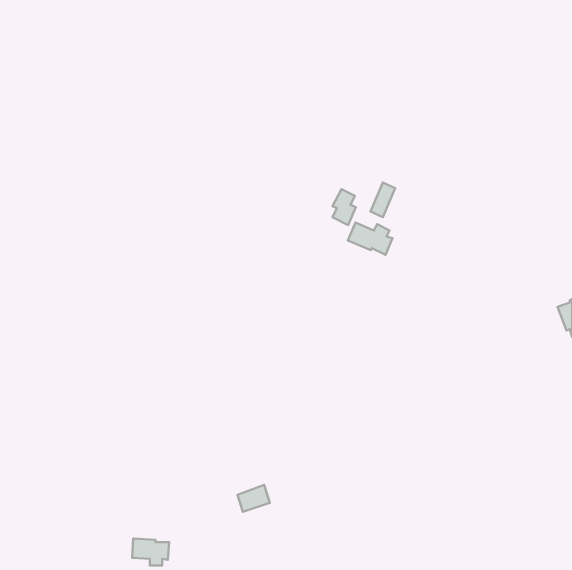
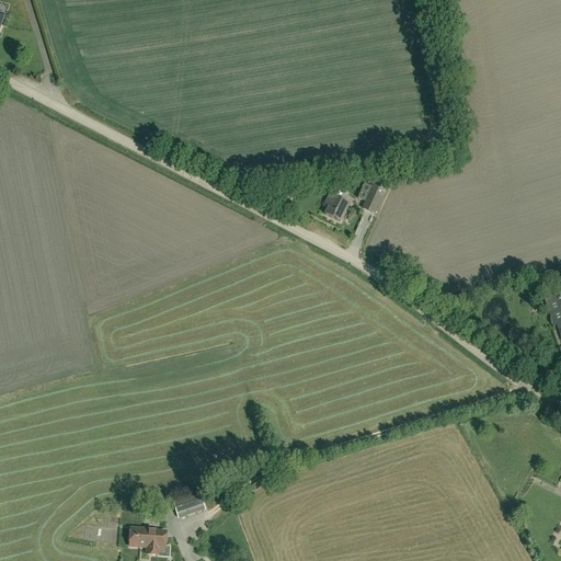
building: [348,223,392,255] -> none
building: [237,485,270,512] -> [172,490,204,516]

